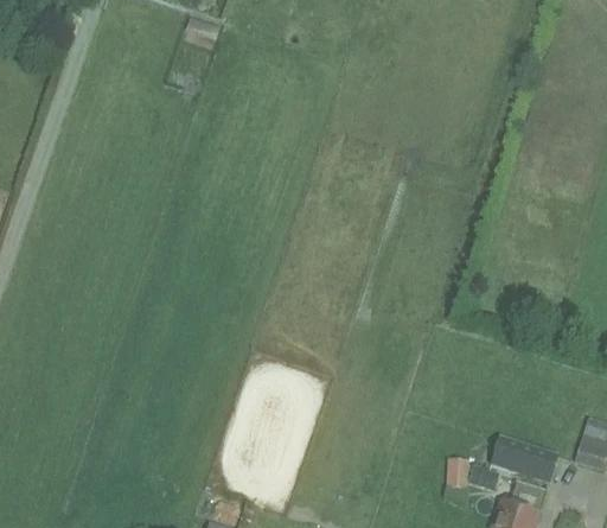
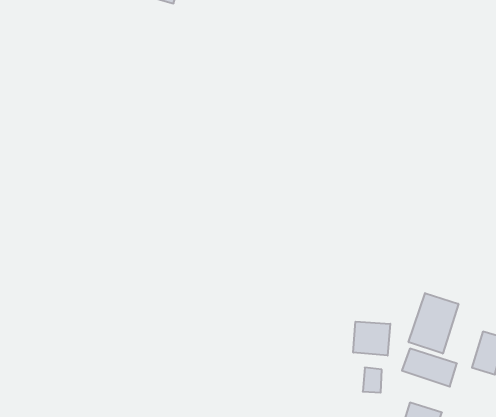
building: none -> [409,293,458,354]
building: none -> [353,322,390,356]

